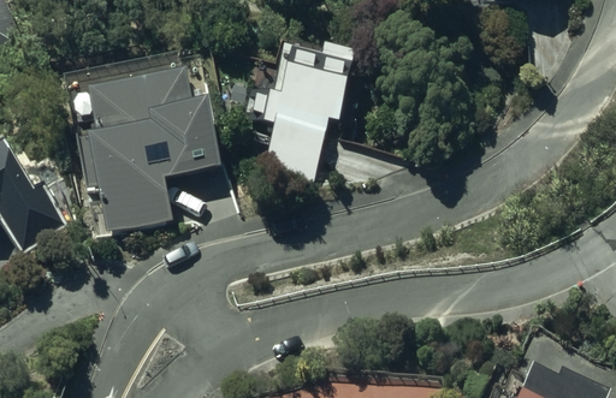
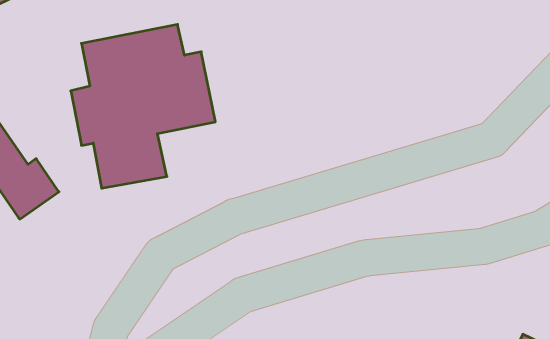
building: [243,42,360,176] -> none

